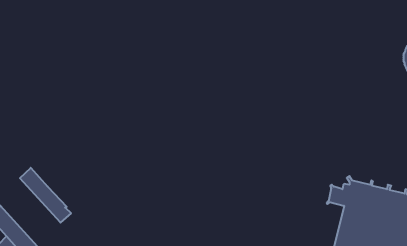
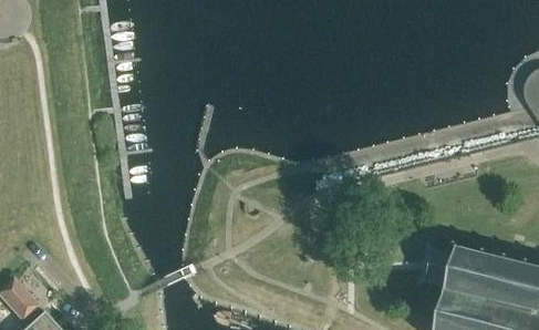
building: [20,168,71,223] -> none

